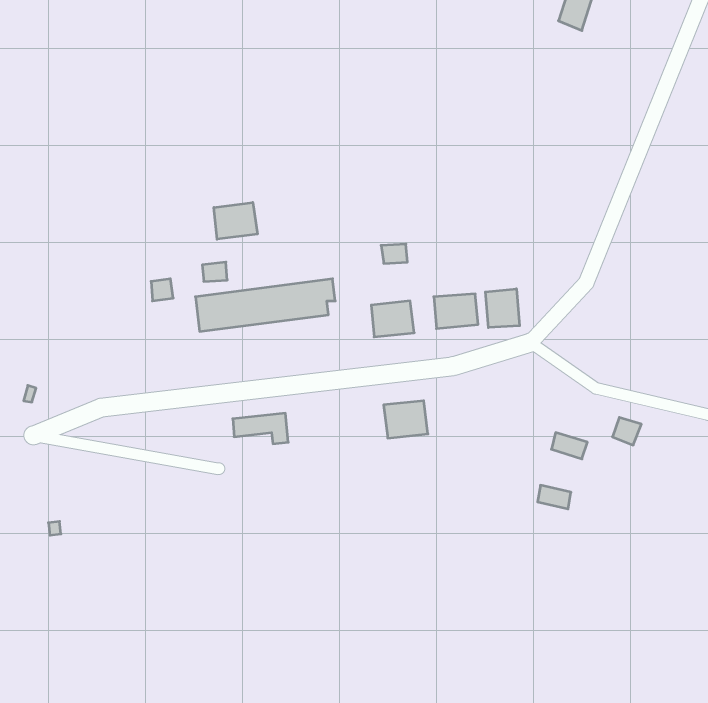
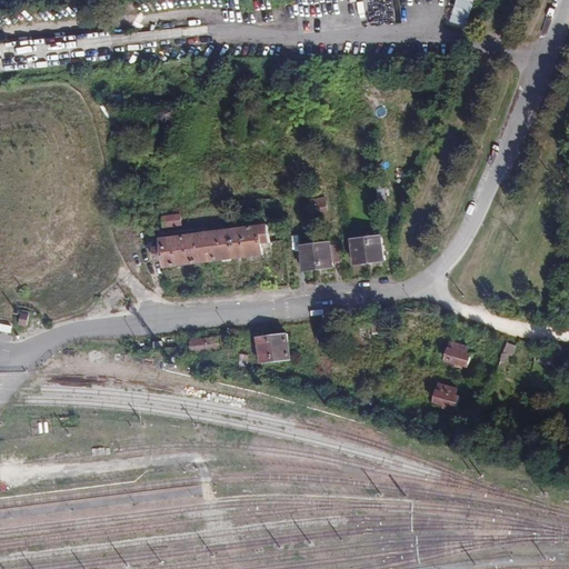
building: [214,202,257,239] -> none
building: [485,289,520,328] -> none
building: [384,401,428,438] -> [253,332,289,362]

